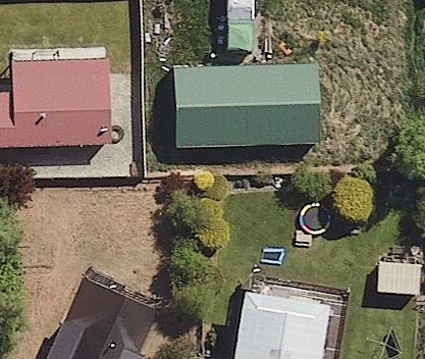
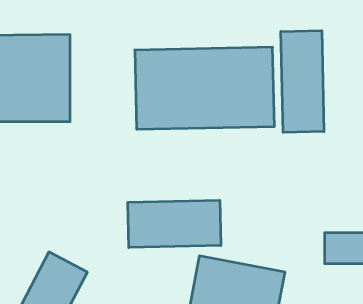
building: none -> [281,31,324,132]
building: none -> [128,200,221,248]

